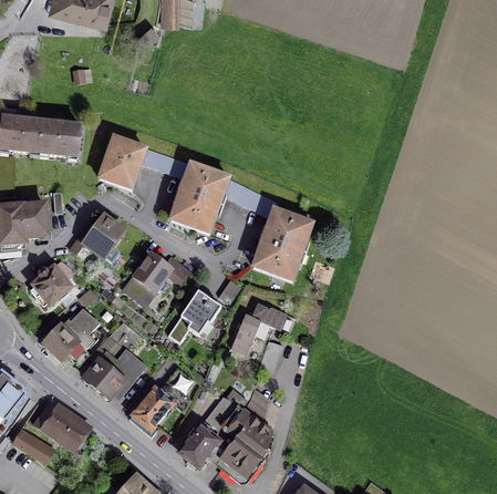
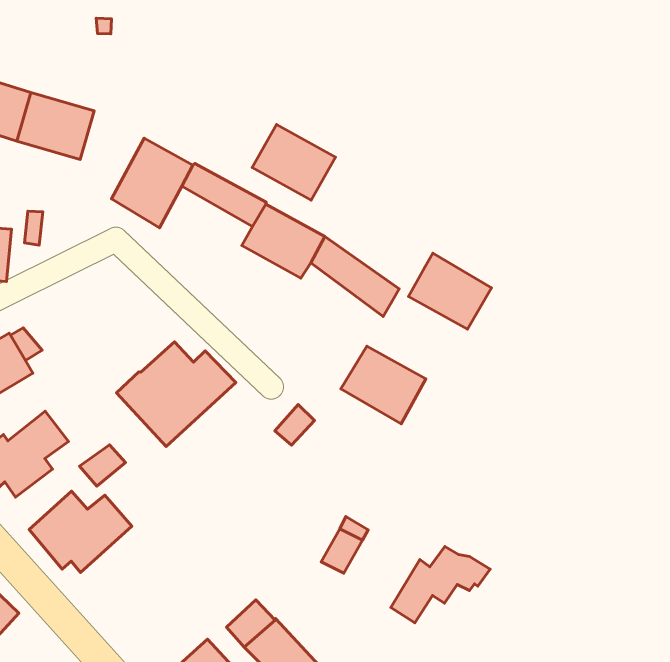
building: [170,191,218,231] -> [252,124,336,200]
building: [263,209,311,250] -> [408,253,491,329]
building: [69,216,123,263] -> none
building: [167,290,220,342] -> none
building: [231,303,286,351] -> [391,547,490,623]
building: [128,368,194,436] -> none

